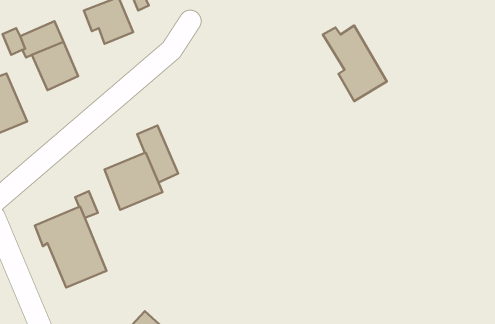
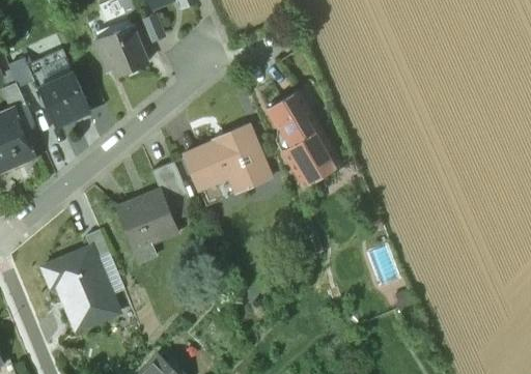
building: [323,26,387,101] -> [268,99,335,179]
building: none -> [184,125,271,190]

